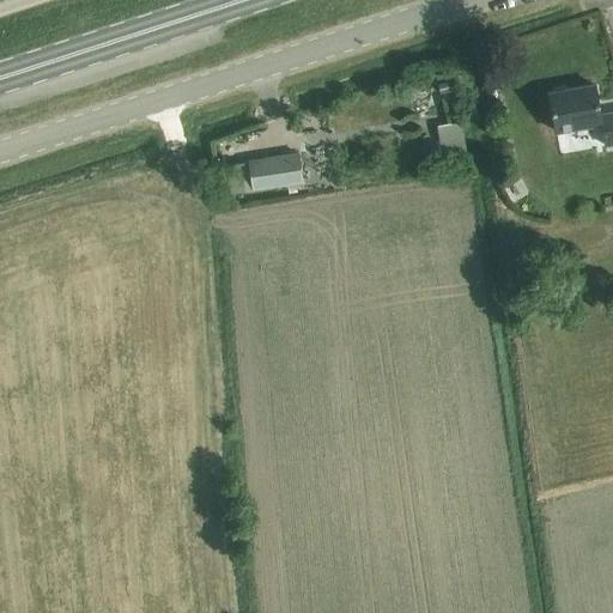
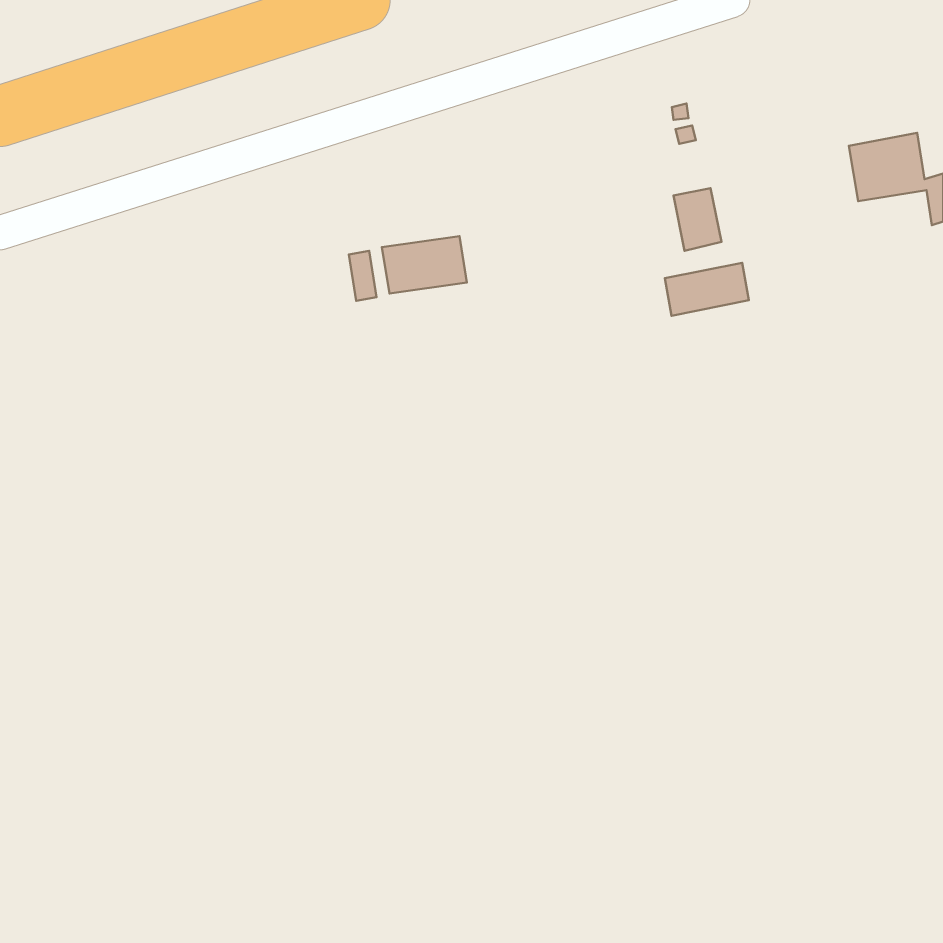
building: none -> [665,263,749,316]

